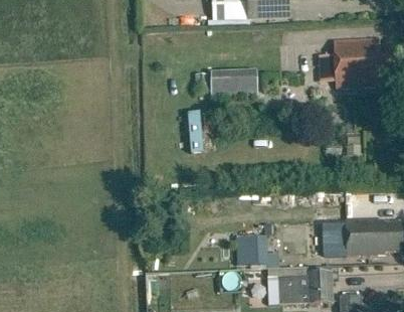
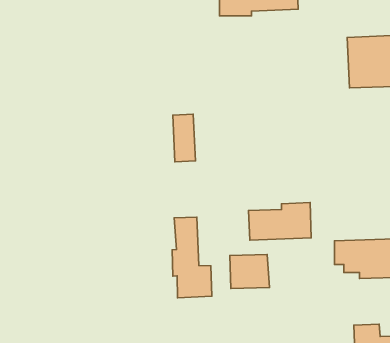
building: [209,70,257,95] -> none
building: none -> [172,217,212,298]
building: [278,269,334,302] -> [249,203,311,240]

